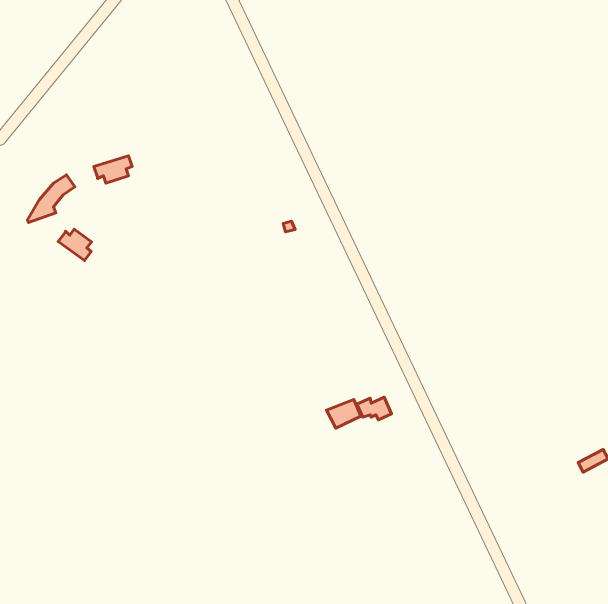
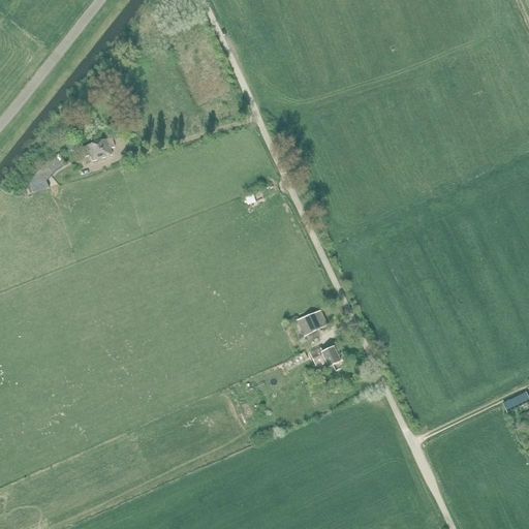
building: [58,229,91,260] -> none
building: [326,400,361,428] -> [297,309,326,334]

